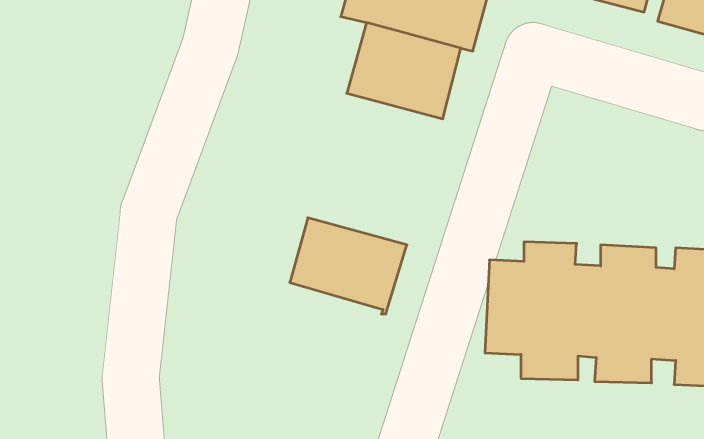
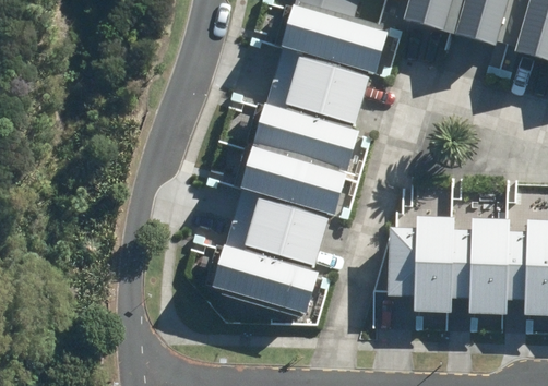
building: none -> [253,102,362,168]
building: none -> [239,145,348,215]
building: none -> [213,241,320,315]

